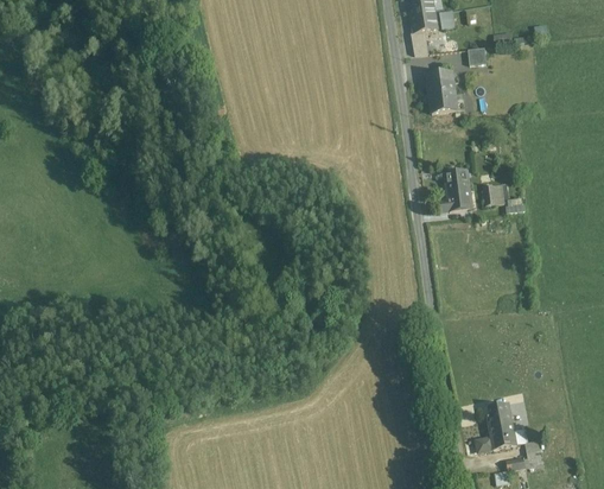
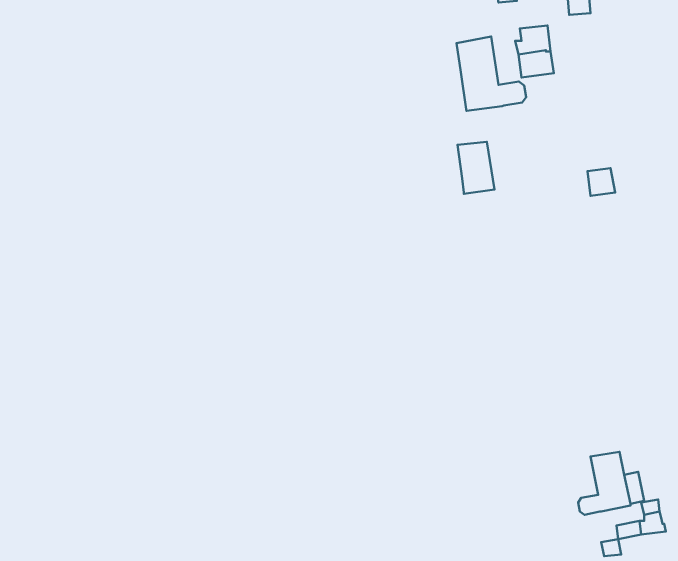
building: none -> [457,36,526,111]
building: [445,170,473,210] -> [458,142,494,194]

